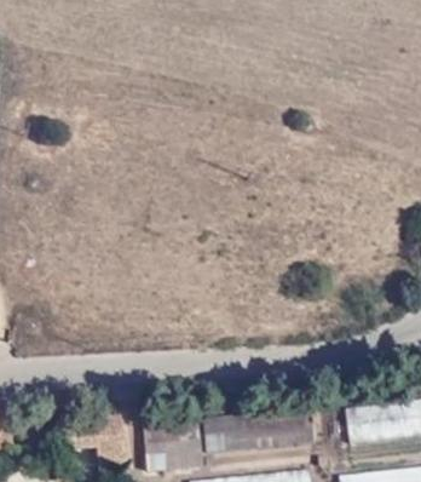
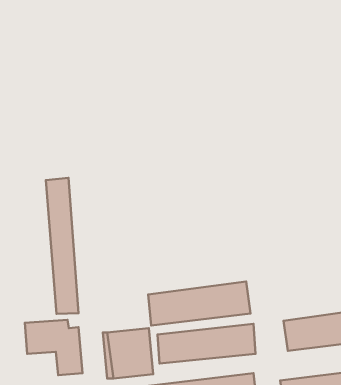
building: none -> [46,178,79,314]
building: none -> [148,282,251,326]

